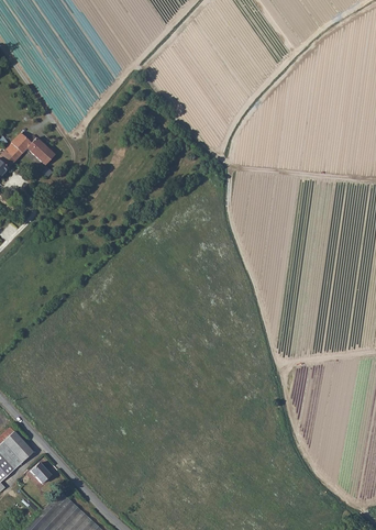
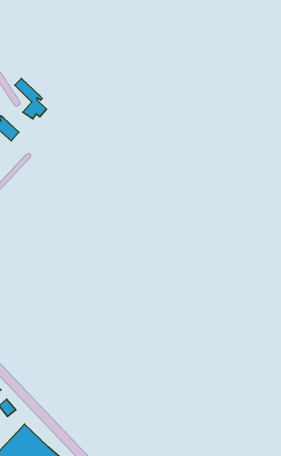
building: none -> [15,79,46,119]

